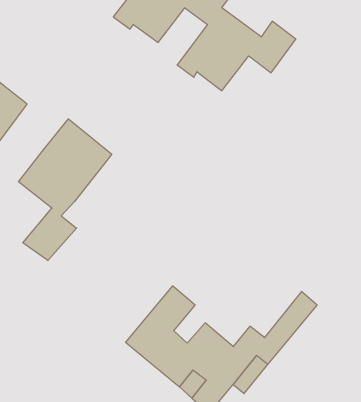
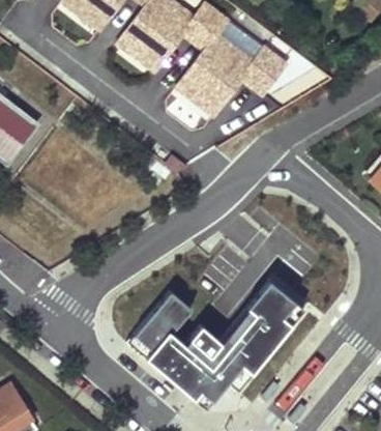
building: [18,119,112,261] -> none
building: none -> [221,280,291,347]

